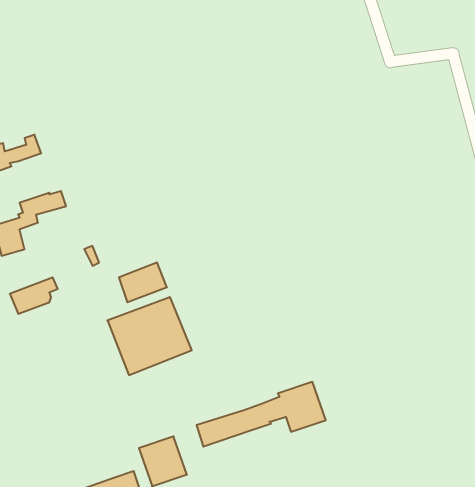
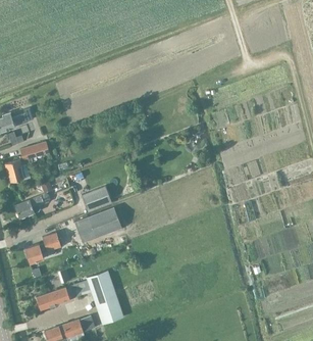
building: none -> [24,232,60,262]
building: [197,382,326,447] -> [36,270,115,309]

